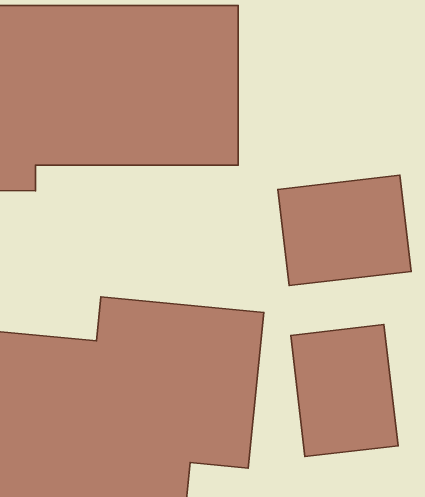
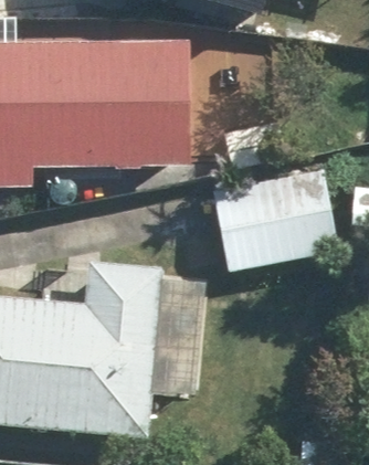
building: [291,325,398,457] -> none

